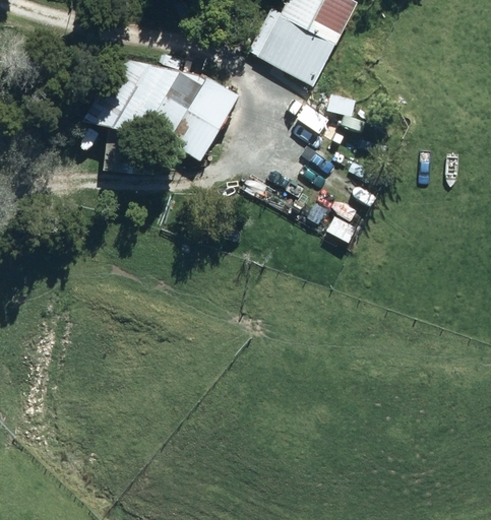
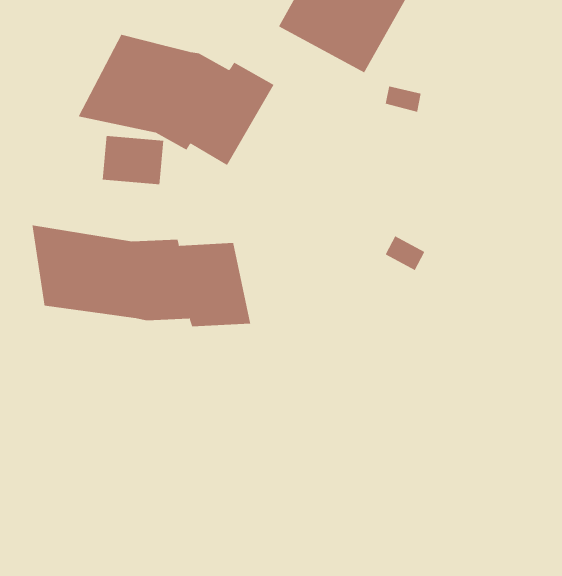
building: none -> [32,224,251,327]

